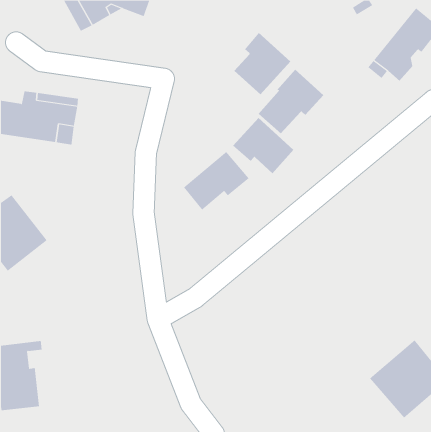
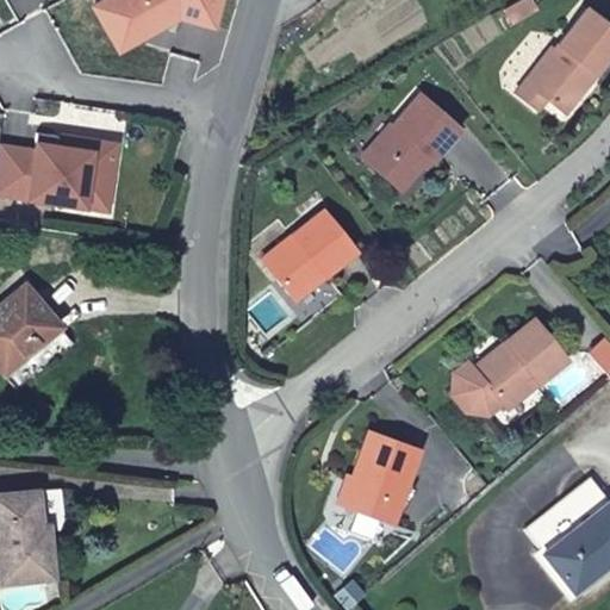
building: [233,32,291,95] -> none
building: [232,117,294,174] -> none
building: none -> [453,319,568,413]
building: none -> [344,431,422,525]

